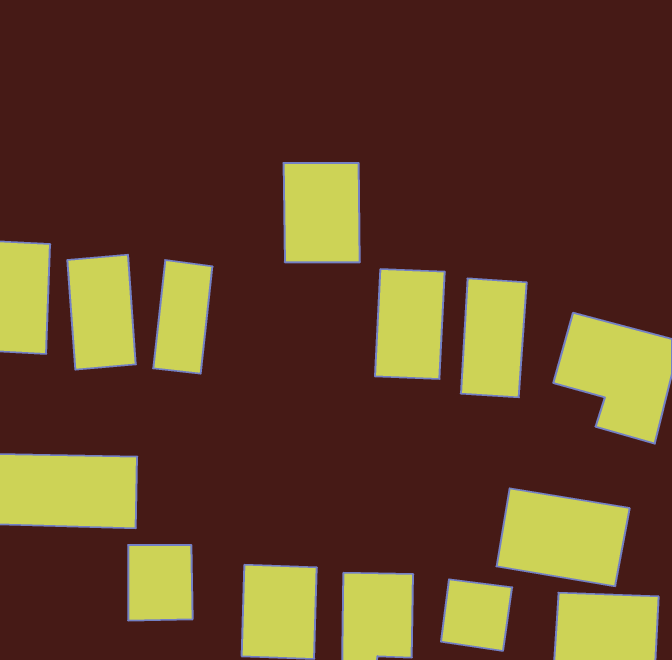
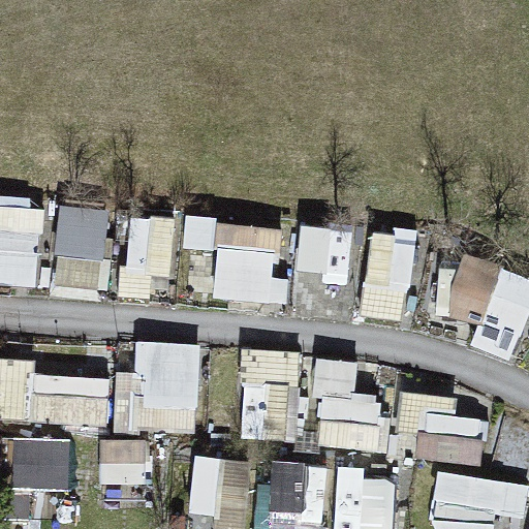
building: [283,163,360,262] -> [214,228,274,306]
building: none -> [129,342,199,426]
building: none -> [239,351,292,437]
building: none -> [310,359,385,452]
building: none -> [6,440,70,494]

